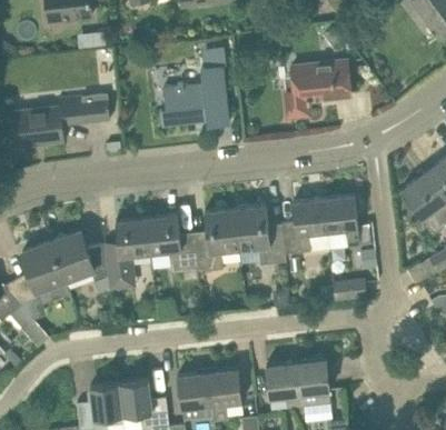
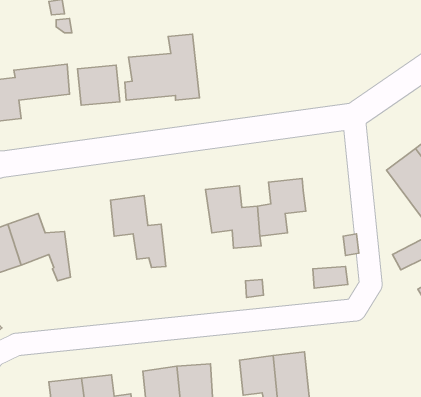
building: [284,60,351,118] -> none
building: none -> [77,65,120,105]
building: [324,196,360,248] -> none
building: [194,209,240,271] -> none
building: [106,219,150,290] -> none

